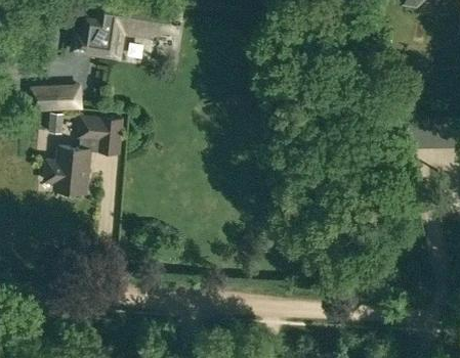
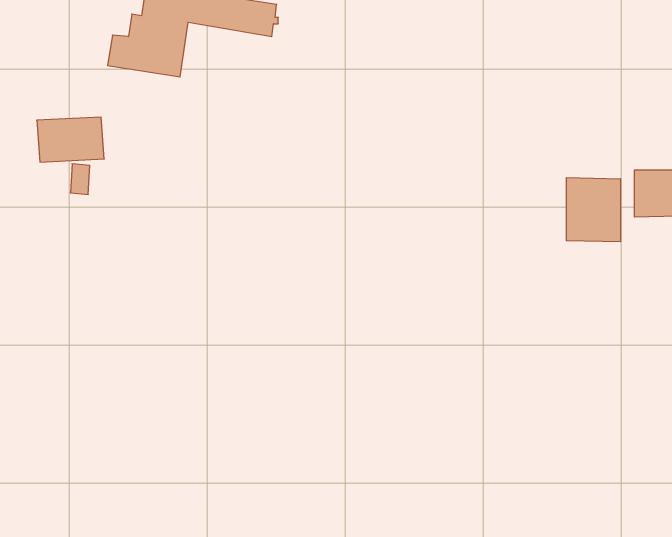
building: [46,118,123,193] -> none
building: none -> [566,178,620,242]

